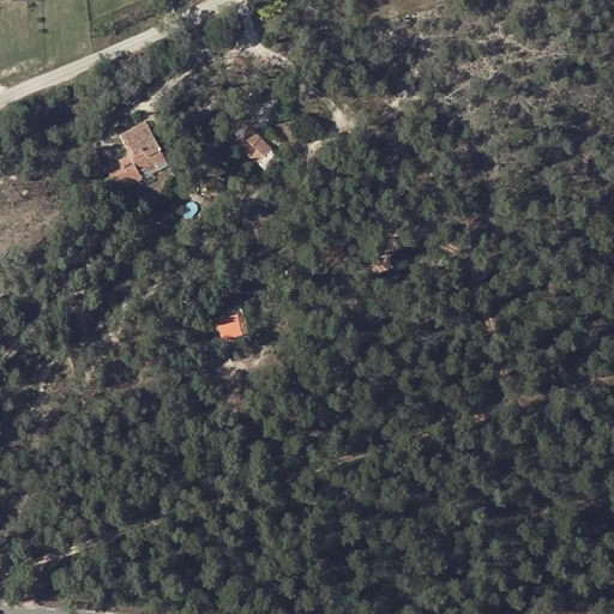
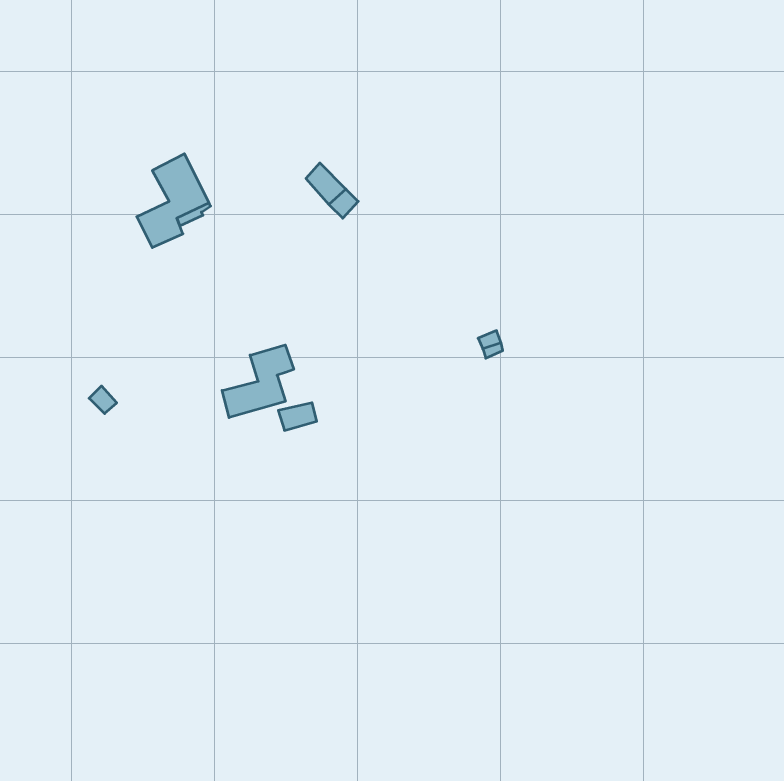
building: none -> [222,345,294,418]

